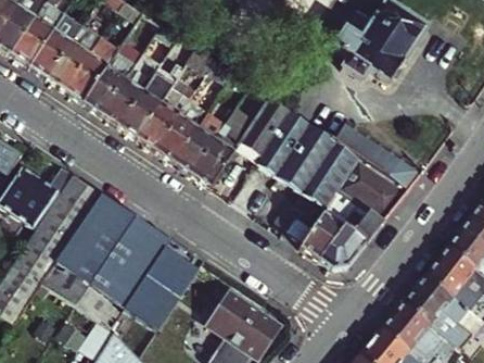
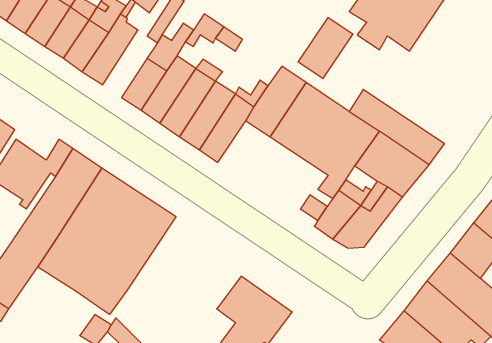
building: none -> [298,17,353,79]
building: [102,63,153,126] -> none
building: [125,238,203,328] -> none

